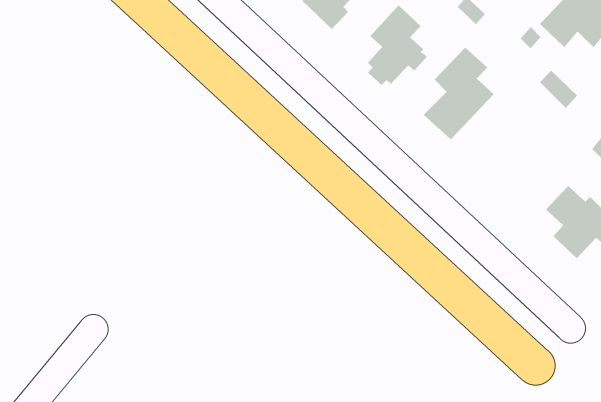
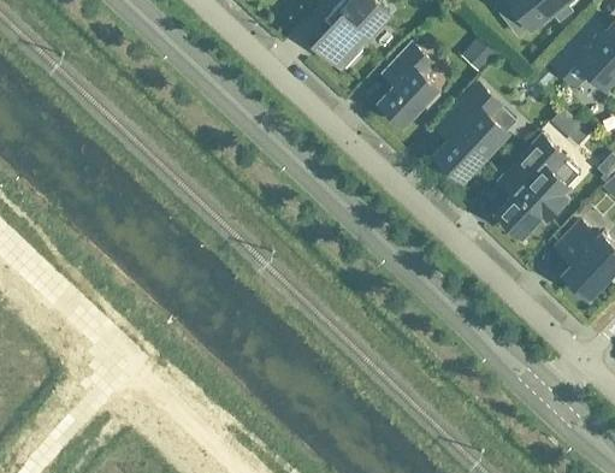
building: none -> [498,138,570,236]

